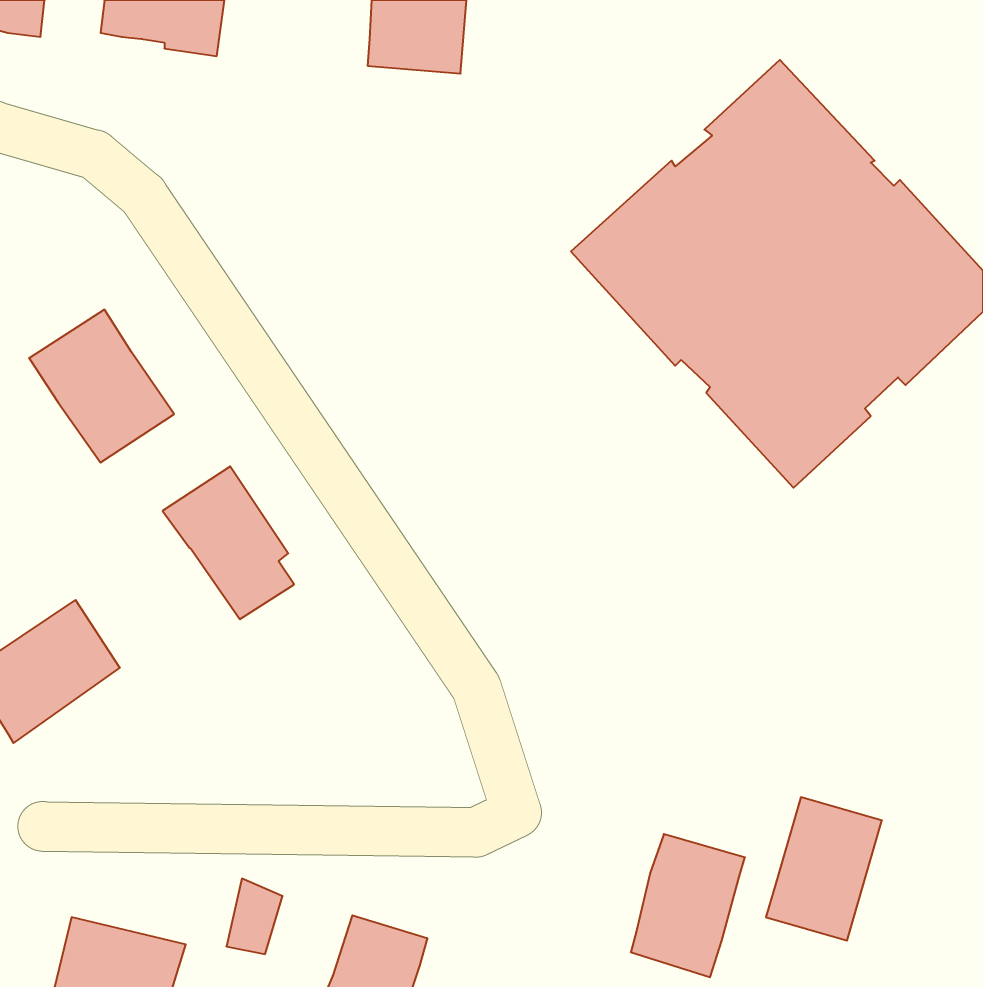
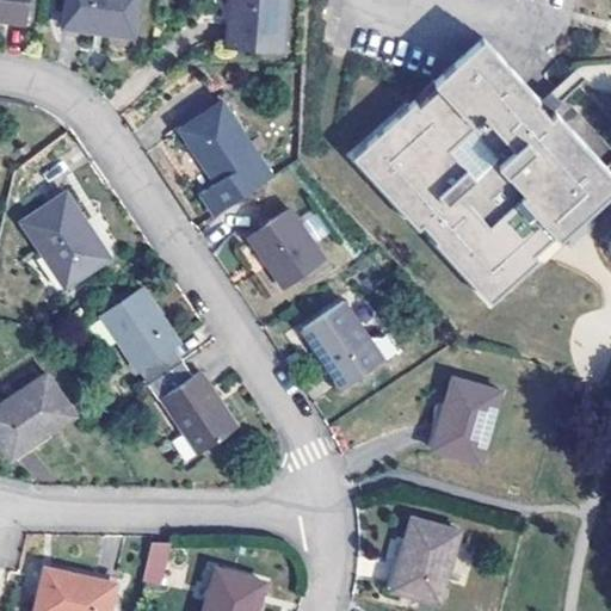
building: none -> [180,101,270,212]
building: none -> [249,209,322,284]
building: none -> [303,301,382,388]
building: none -> [148,362,235,452]
building: [766,797,882,941] -> [430,375,501,463]

